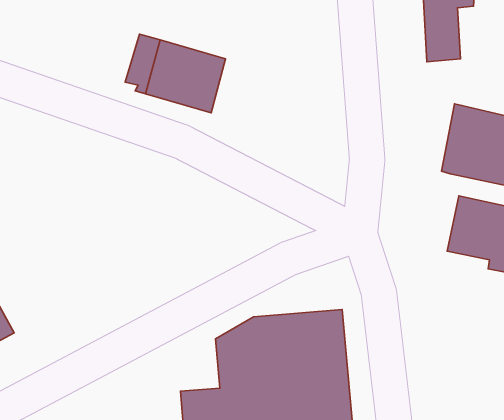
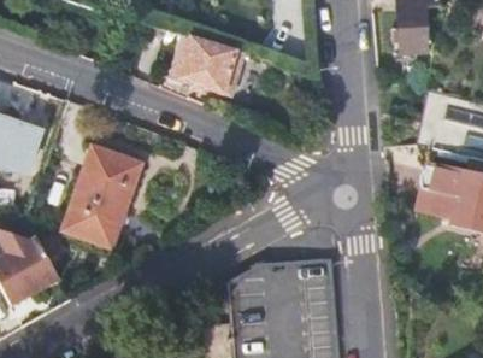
building: none -> [61,143,141,246]

